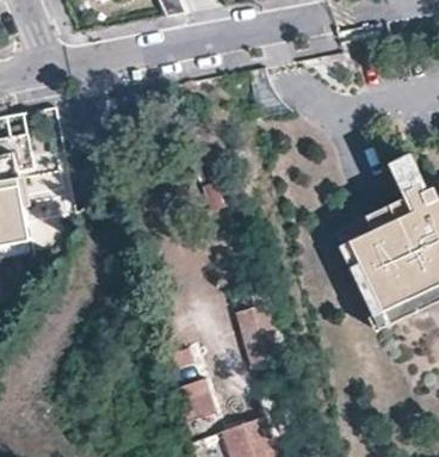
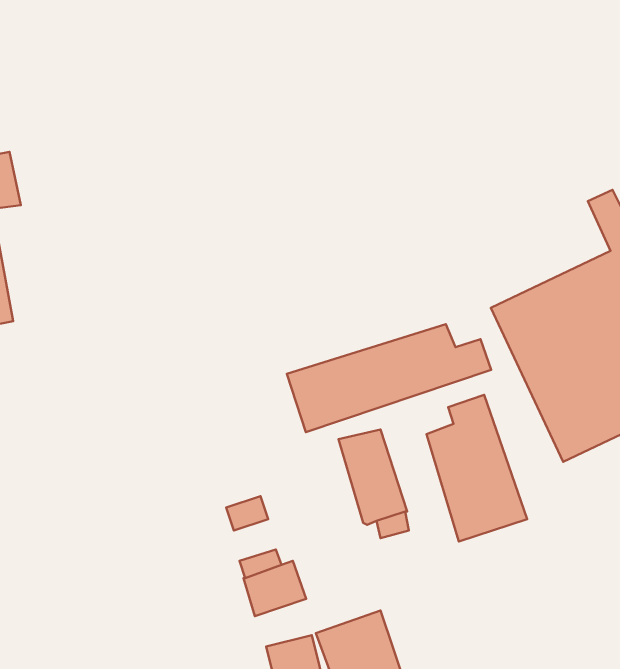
building: none -> [287,324,491,432]
building: none -> [426,395,527,541]

